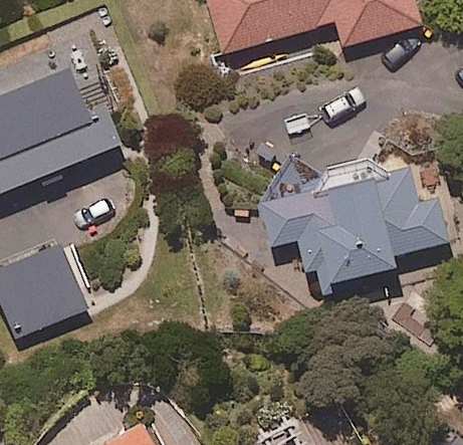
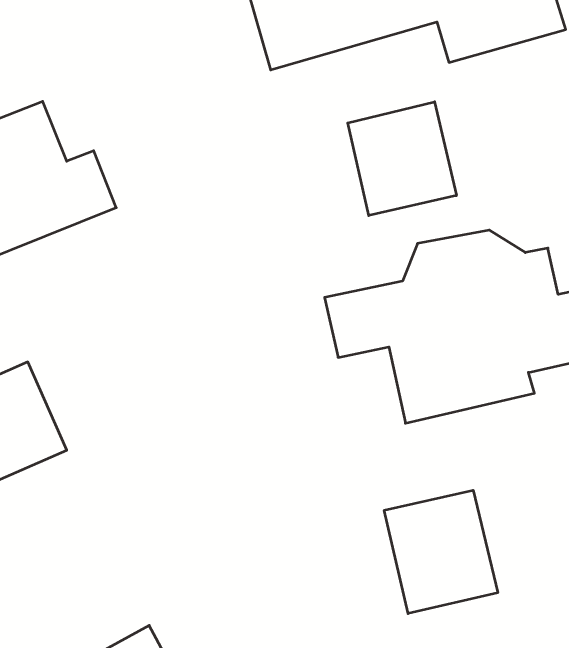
building: none -> [348,102,456,216]
building: none -> [384,490,498,614]

